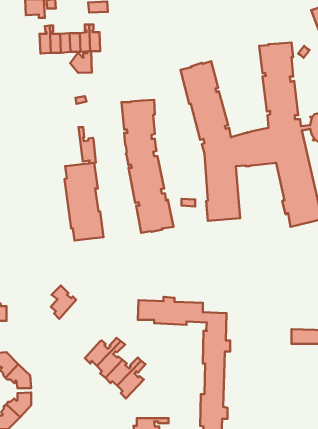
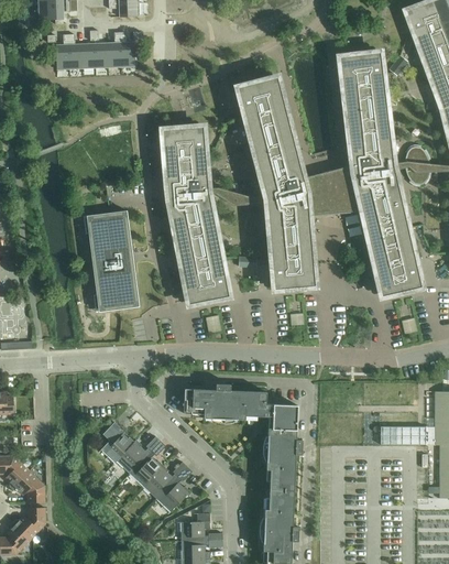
building: [70,51,92,73] -> none
building: [78,127,96,163] -> none
building: [51,285,76,319] -> [100,422,133,465]
building: none -> [176,512,221,540]

